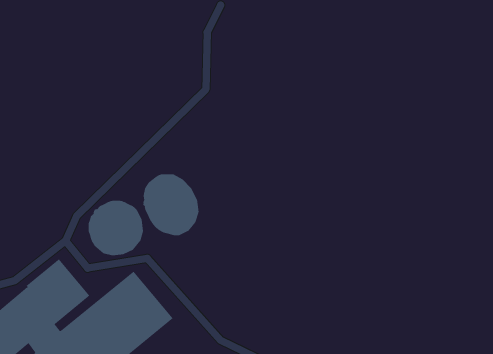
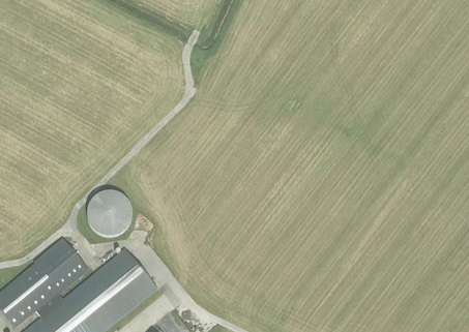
building: [143,173,199,236] -> none

